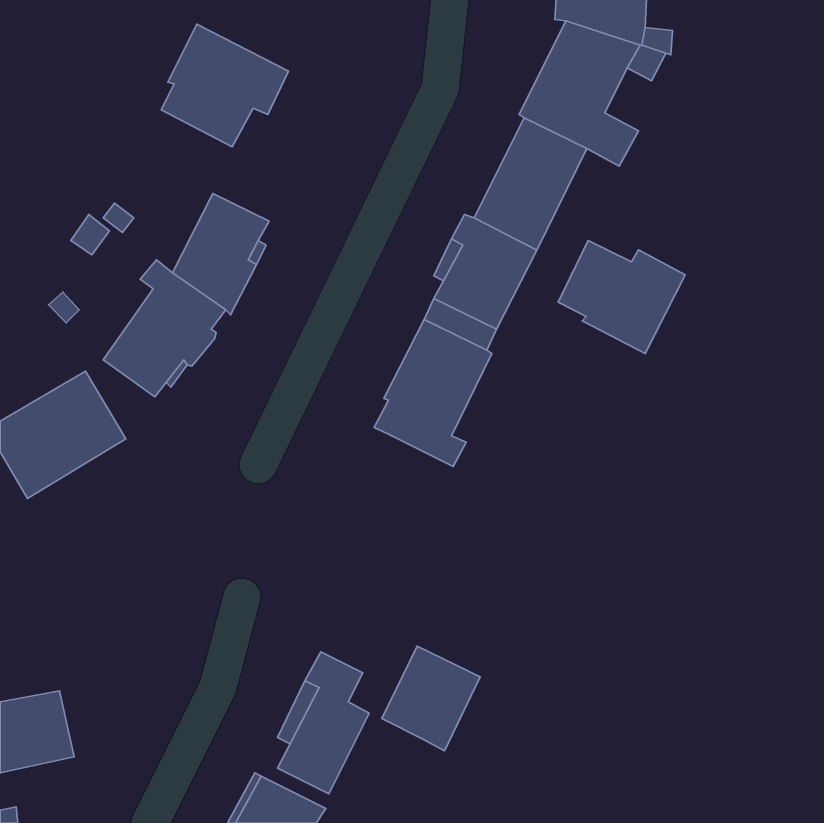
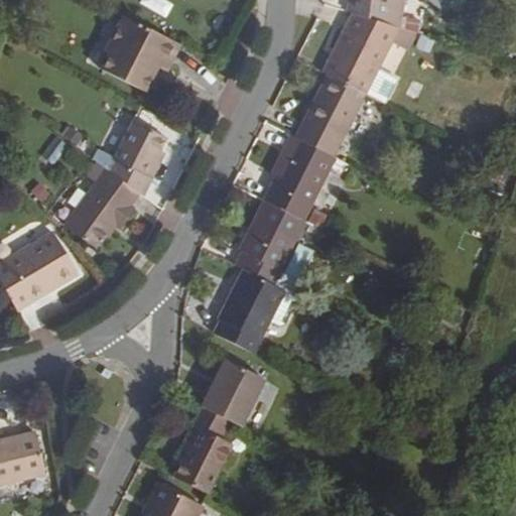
building: [558,241,685,353] -> none
building: none -> [216,271,283,354]
building: [382,646,480,751] -> [201,362,262,427]

